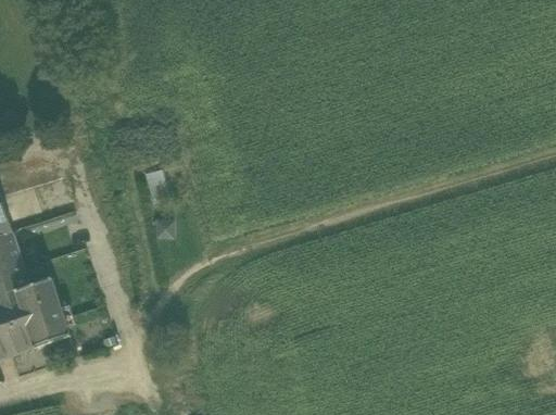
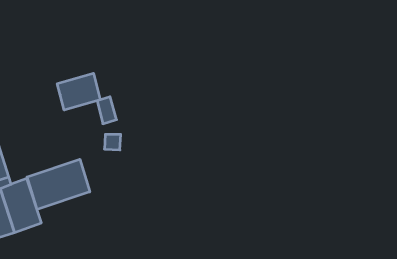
building: none -> [57,73,100,110]
building: none -> [27,159,90,210]

